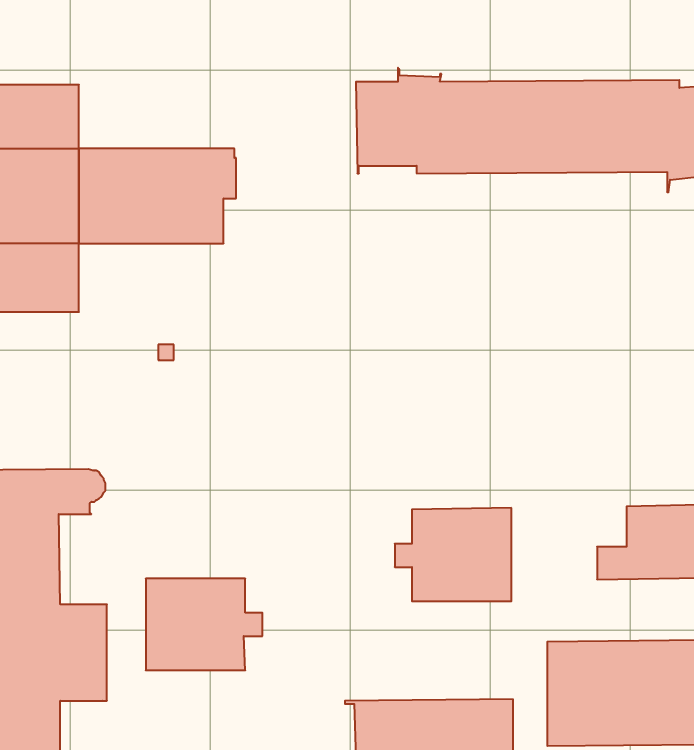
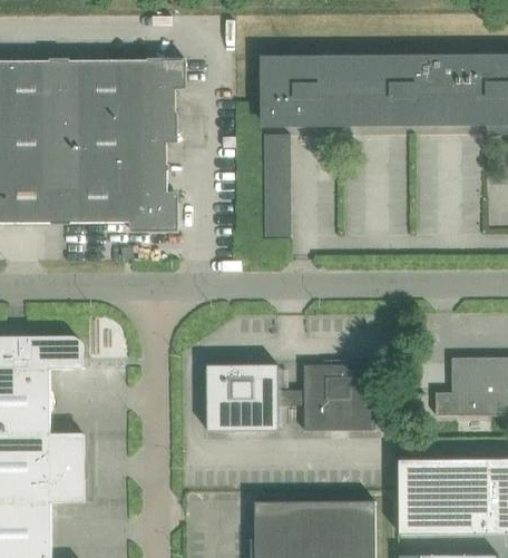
building: none -> [63,60,185,107]
building: none -> [263,135,290,236]
building: none -> [63,175,177,232]
building: [146,579,262,670] -> [206,365,290,431]

